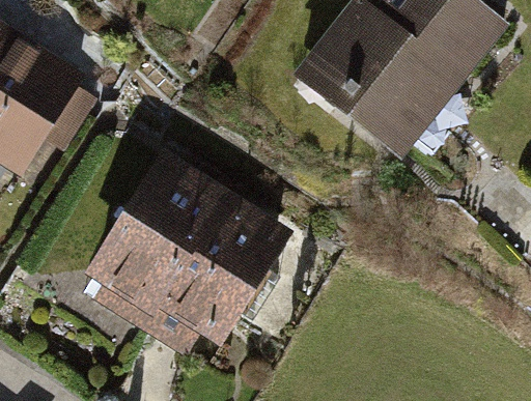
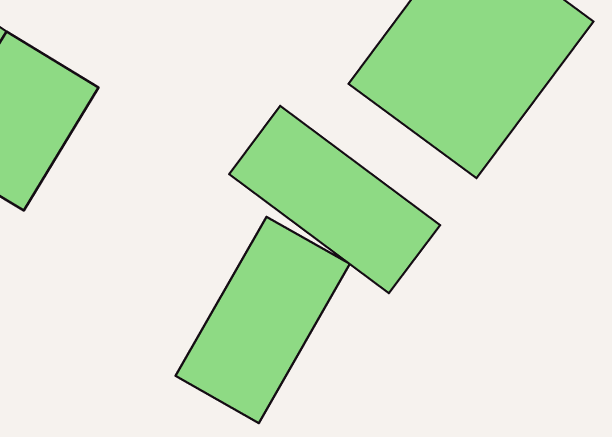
building: none -> [229,106,440,293]
building: [84,151,227,322] -> none

